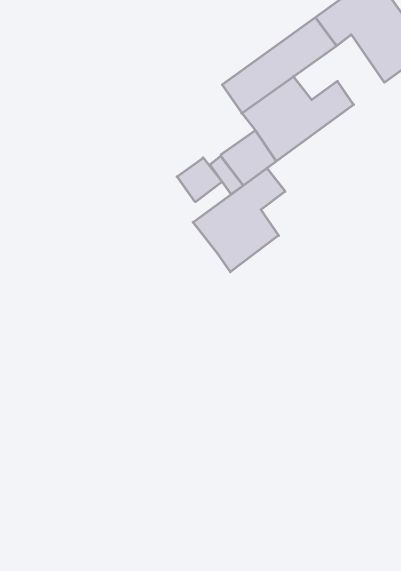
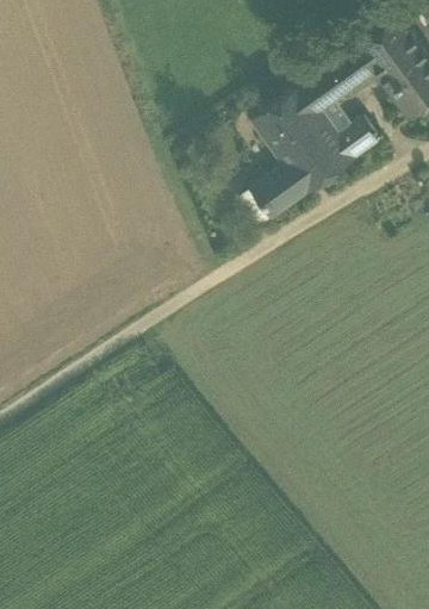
building: [177,158,222,202] -> none
building: [193,168,285,272] -> none

